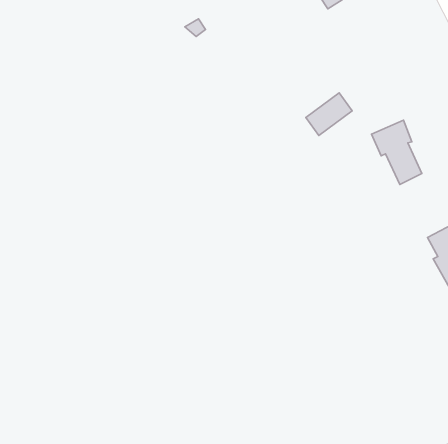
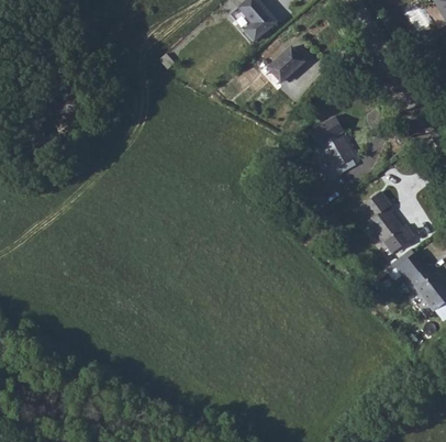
building: [306,93,352,136] -> [272,45,309,81]

